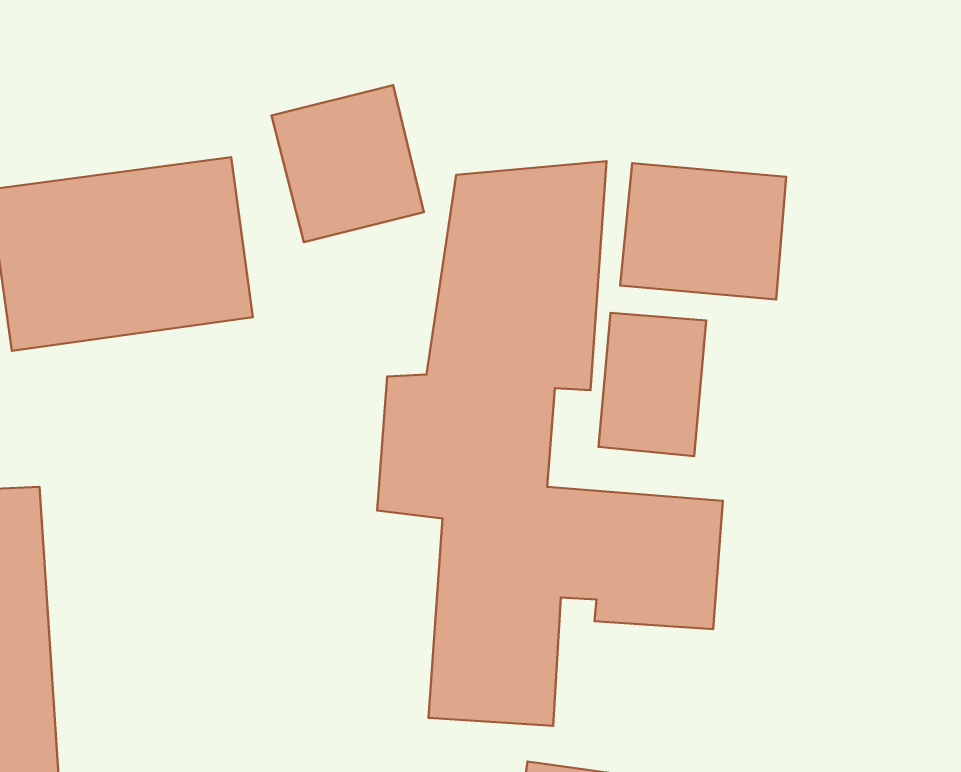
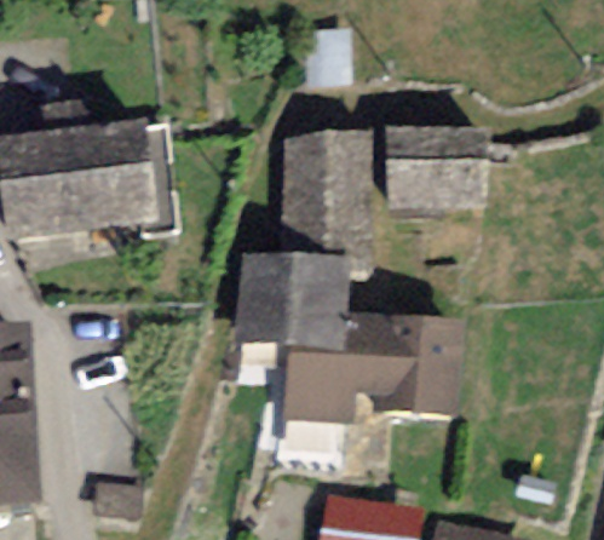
building: [272,85,424,242] -> none
building: [599,313,706,456] -> none

